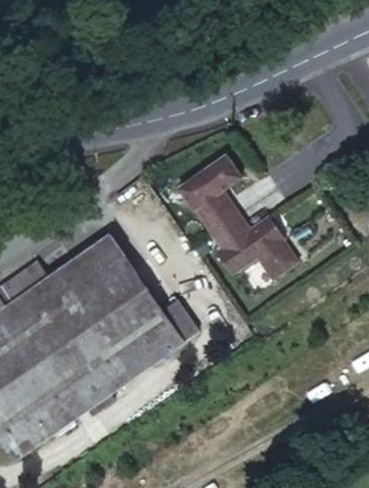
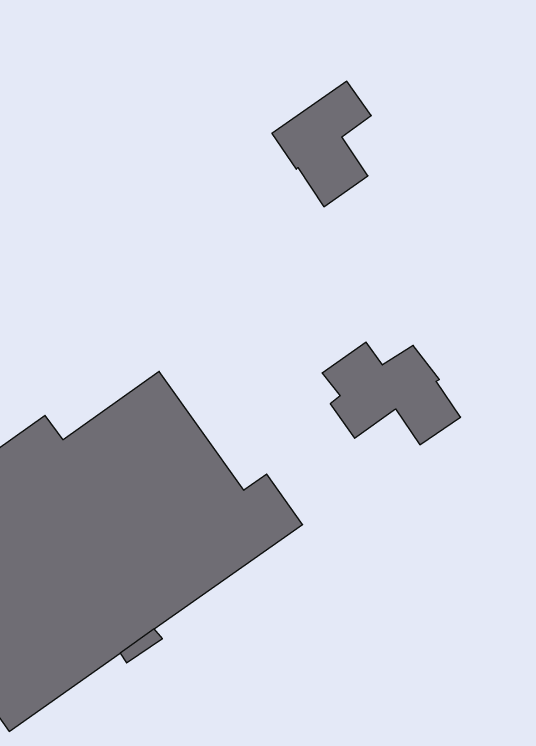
building: [179,156,241,235] -> [272,81,371,207]

